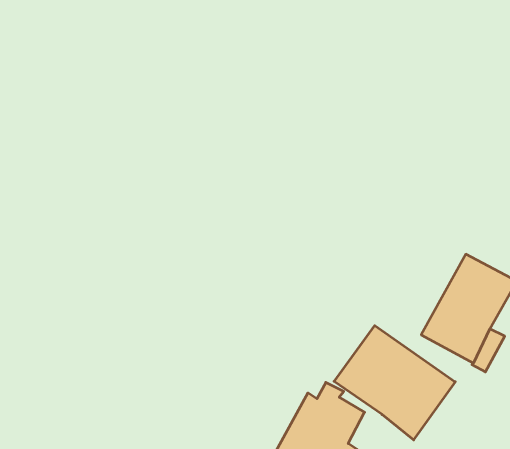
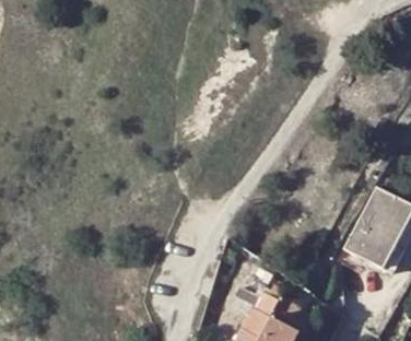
building: [334,326,455,440] -> none

